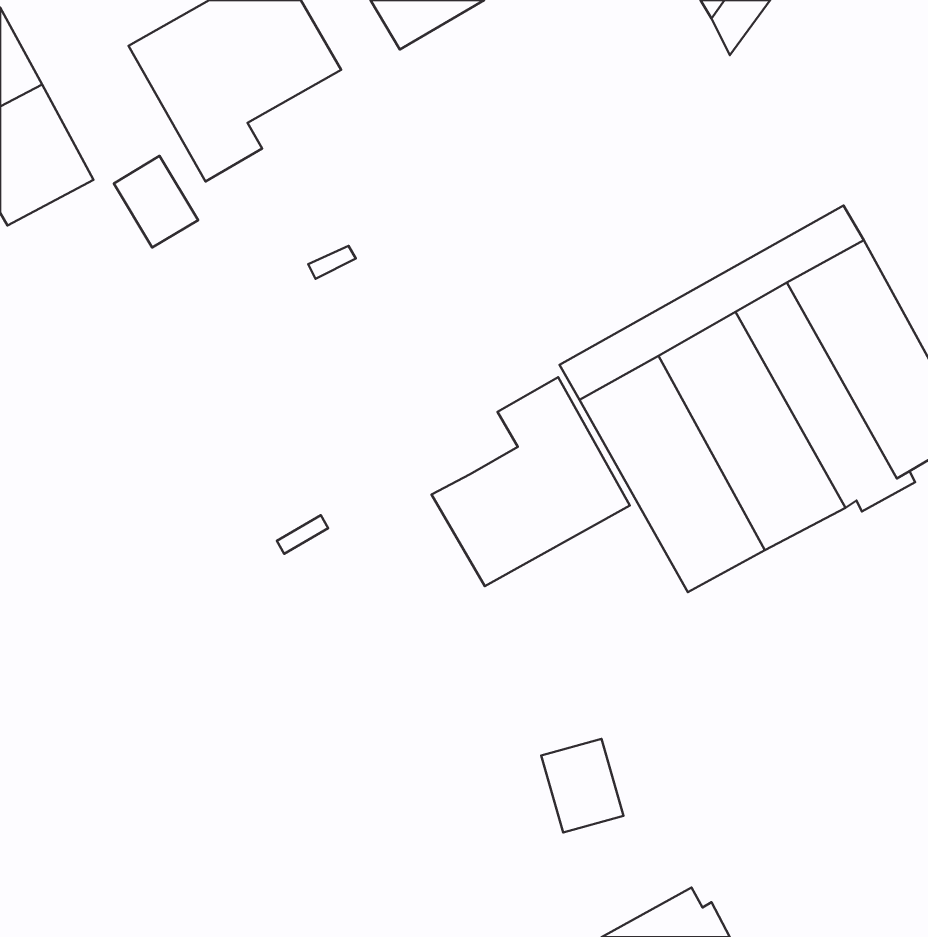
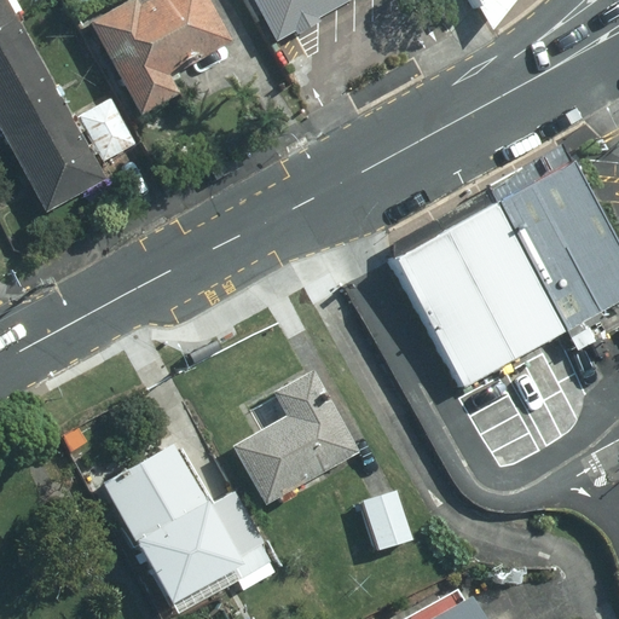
building: none -> [11,118,102,212]
building: [432,377,630,586] -> [225,372,355,510]
building: none -> [106,442,274,603]

